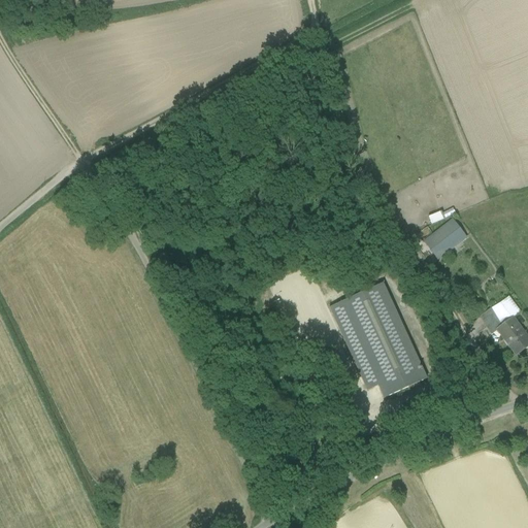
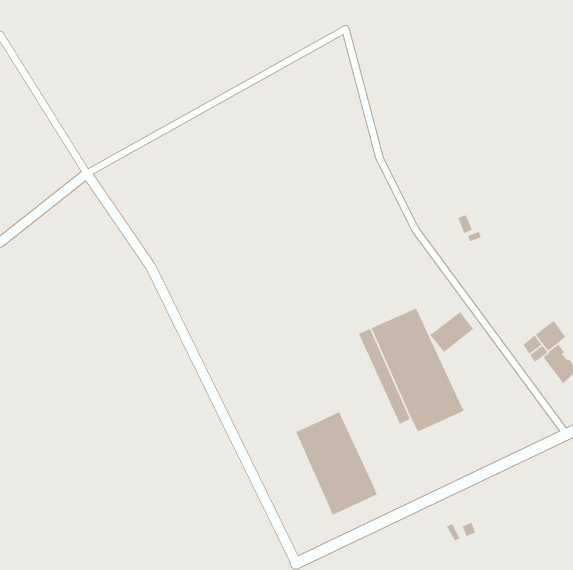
building: [425,220,466,258] -> [429,311,474,353]
building: none -> [295,411,378,516]

